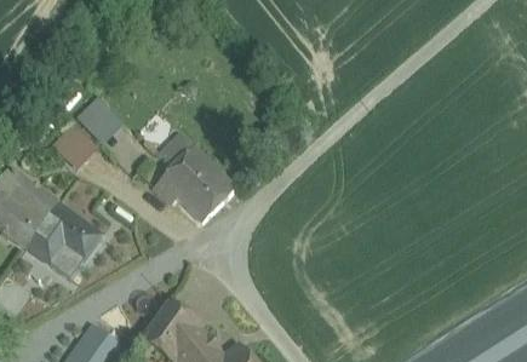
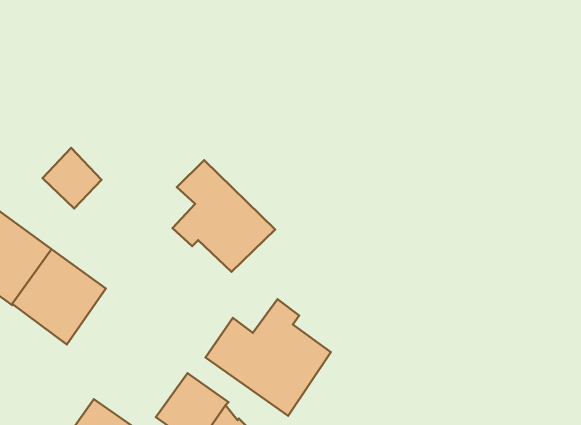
building: [71,97,121,146] -> none
building: none -> [205,299,331,416]

